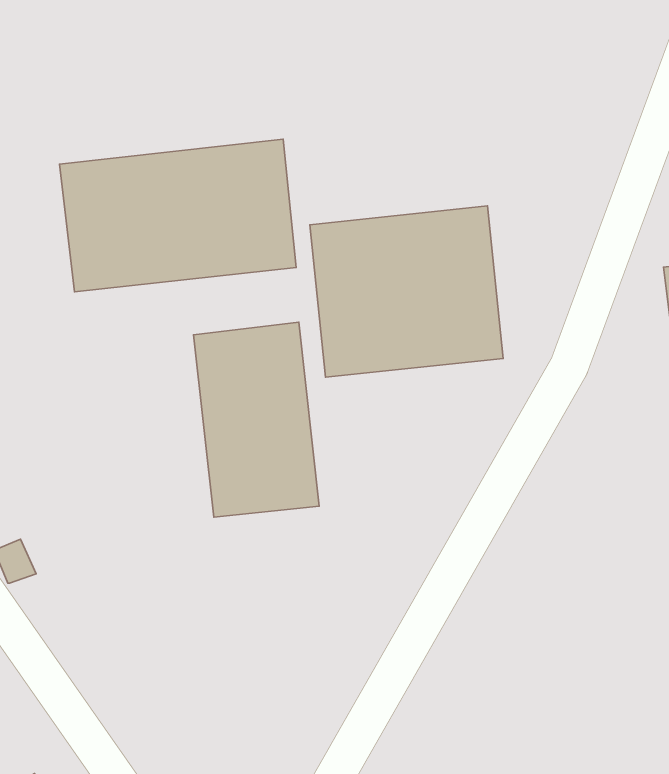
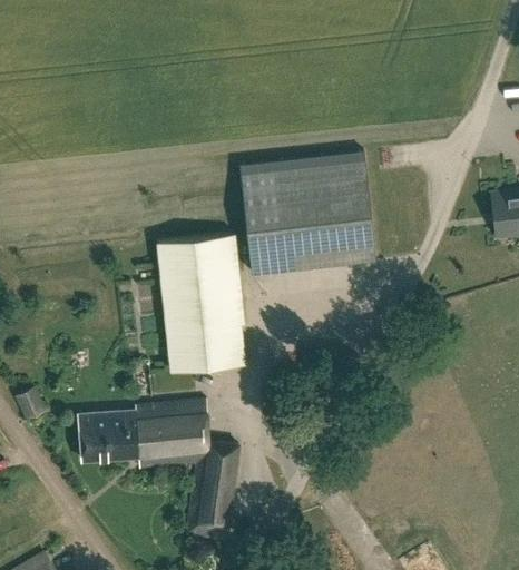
building: [60,139,296,292] -> none
building: none -> [79,400,238,541]

